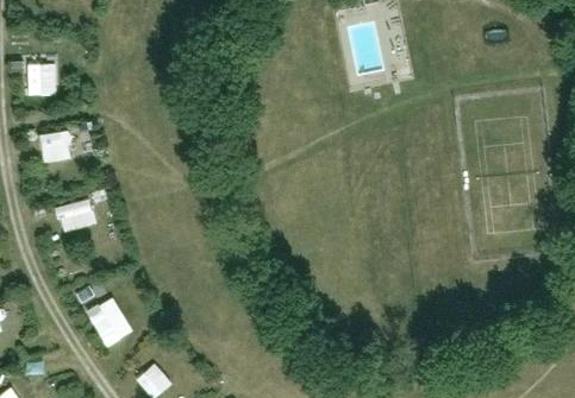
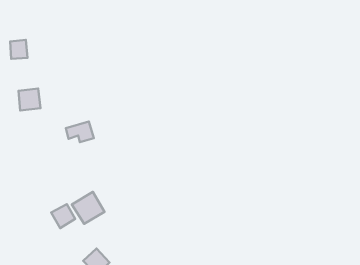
building: [55,198,95,228] -> [66,122,94,142]
building: none -> [72,192,105,224]

